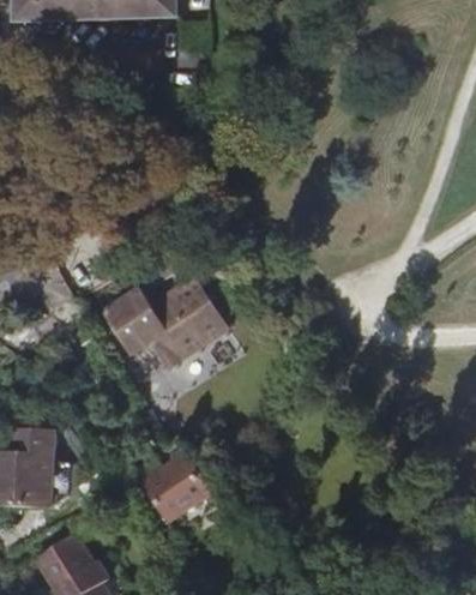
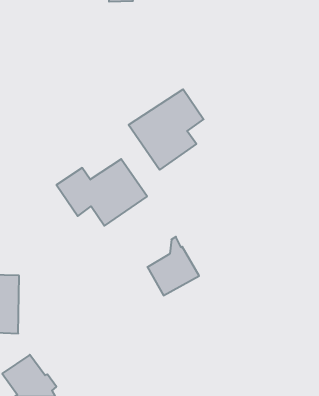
building: none -> [129,89,204,170]
building: [138,443,207,522] -> [147,237,199,295]

